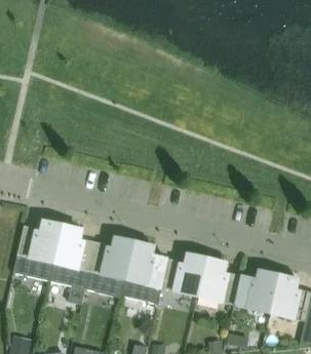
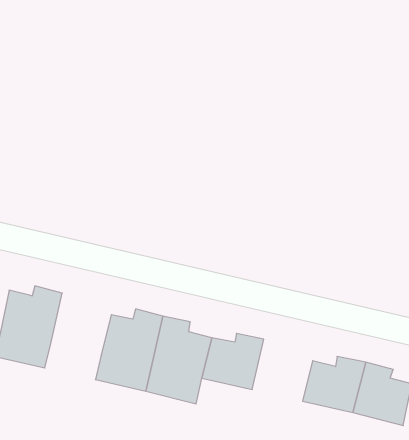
building: [48,227,95,288] -> none
building: [196,260,239,304] -> none

